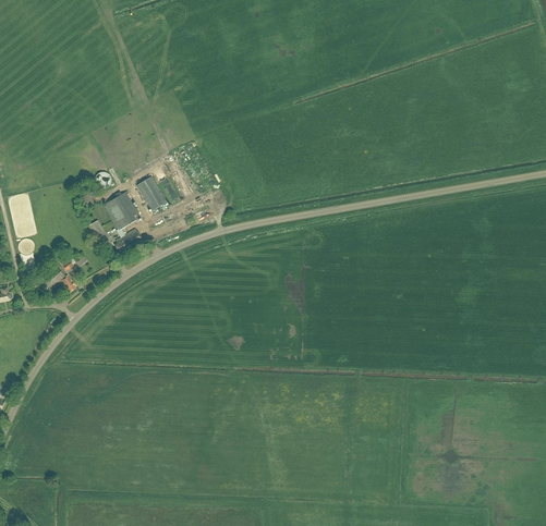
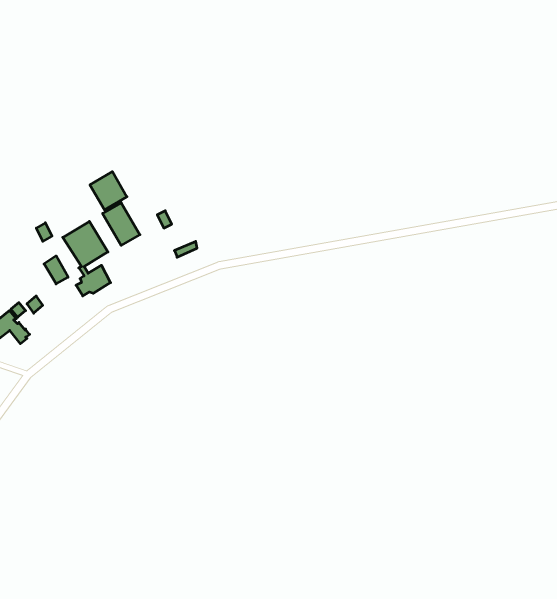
building: none -> [90,172,127,210]

